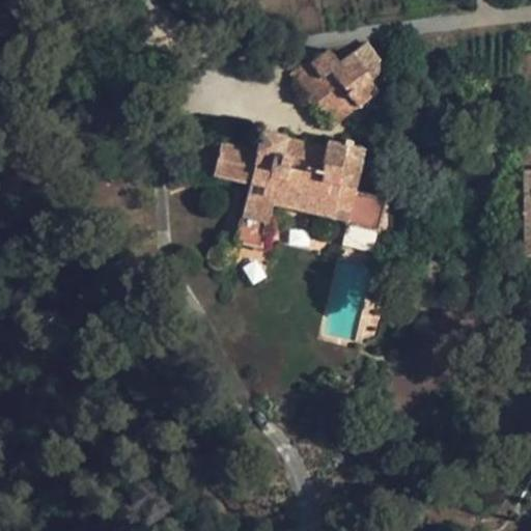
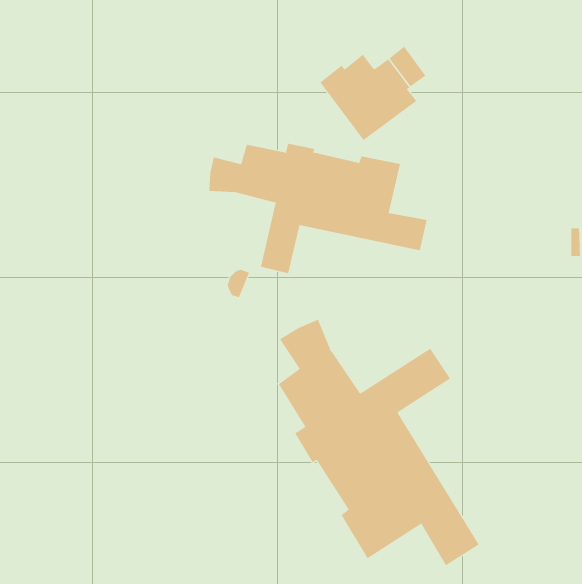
building: none -> [278,319,480,566]

